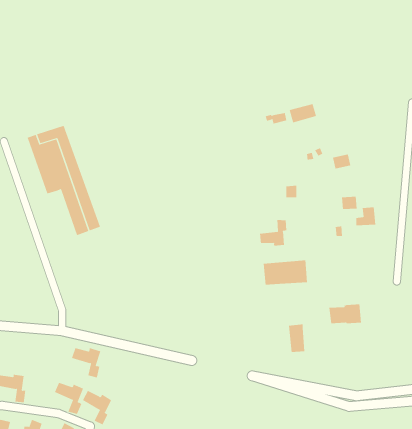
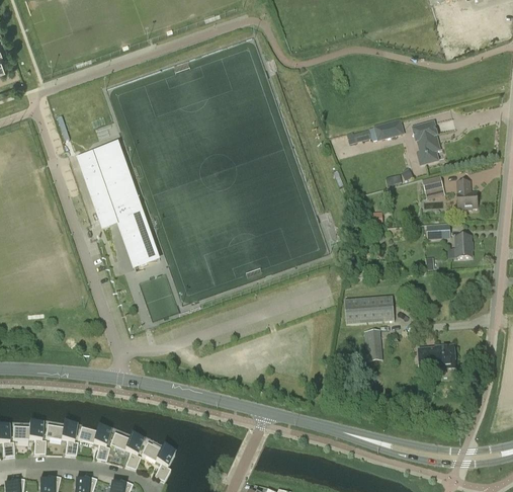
building: none -> [413,122,438,163]
building: none -> [455,180,477,209]
building: [259,219,287,246] -> none
building: [288,324,305,353] -> [362,328,381,360]
building: [71,348,101,378] -> [76,426,109,461]

